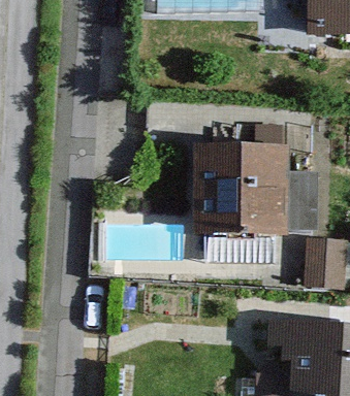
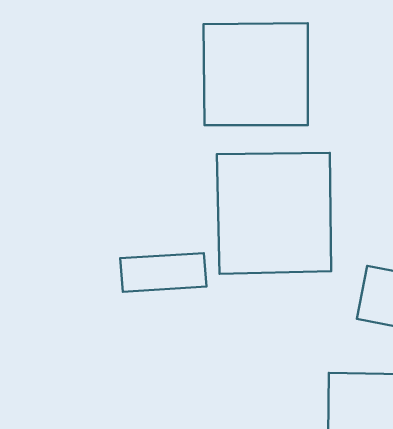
building: none -> [203,23,308,125]

